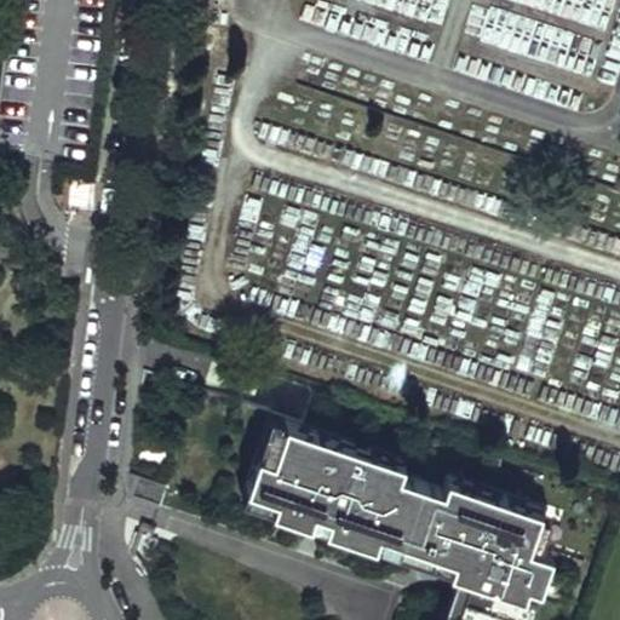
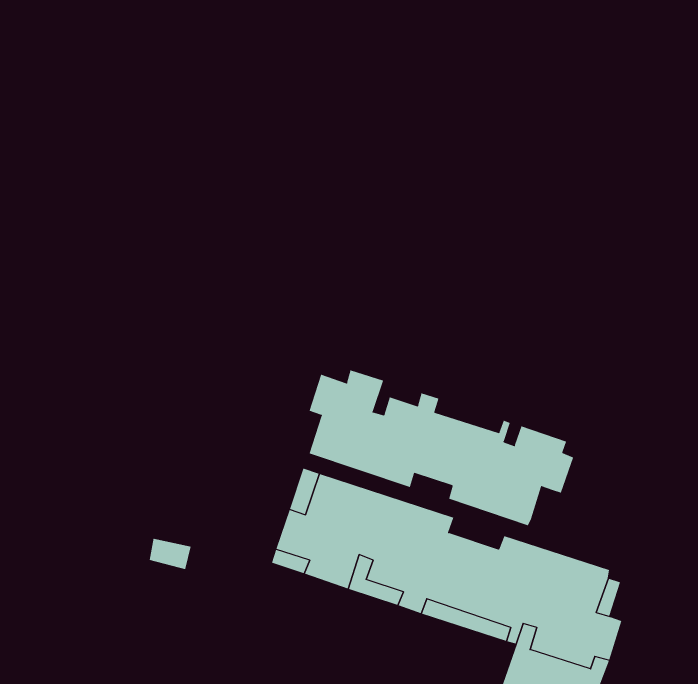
building: none -> [309,370,574,526]

